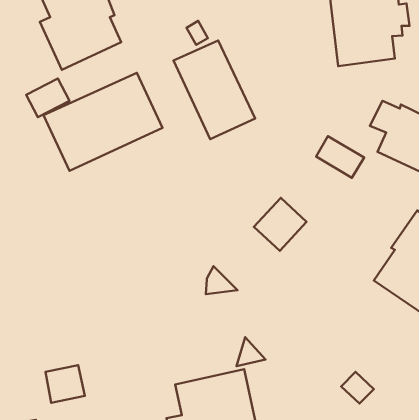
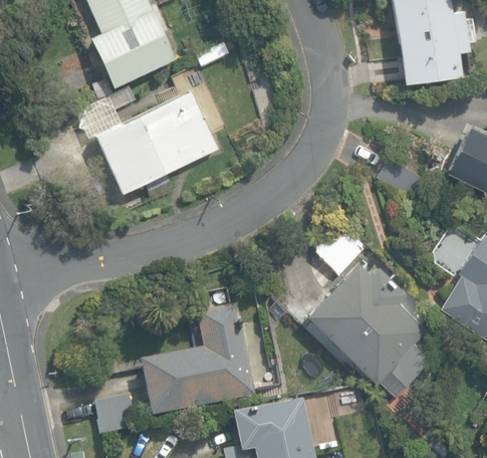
building: [174,40,255,139] -> none
building: none -> [306,260,441,397]
building: none -> [139,303,256,418]

